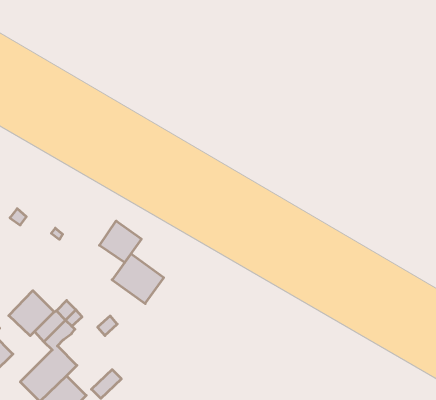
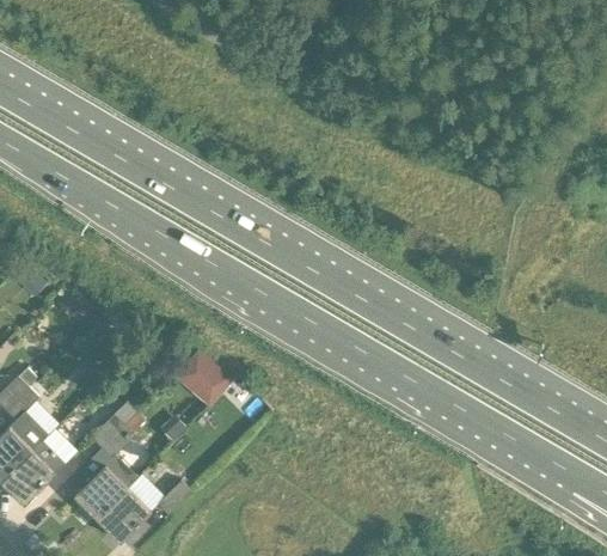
building: [99,221,141,263] -> none
building: [9,291,54,336] -> none

